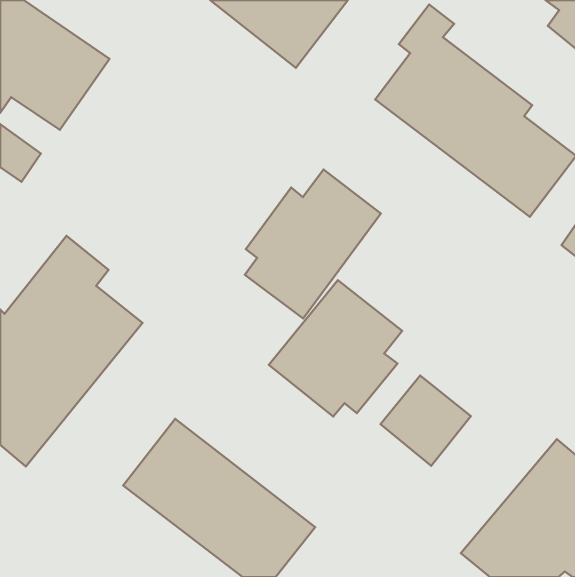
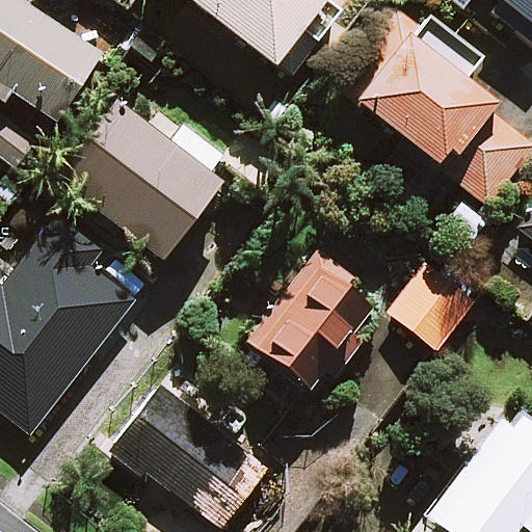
building: none -> [60,102,227,257]
building: [245,170,381,318] -> none
building: [380,376,471,466] -> [390,266,473,349]

